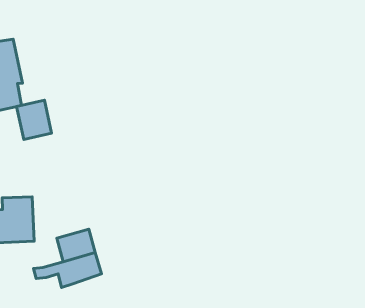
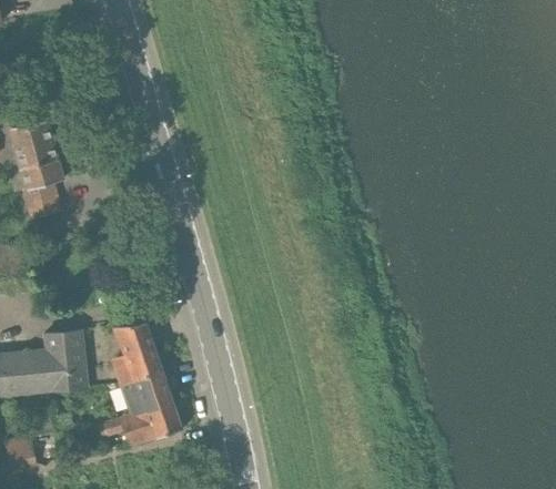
building: [17,100,52,140] -> none
building: none -> [110,320,161,383]

